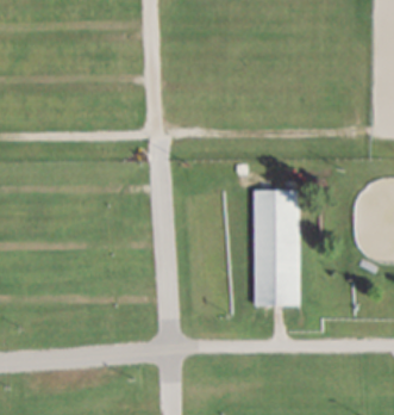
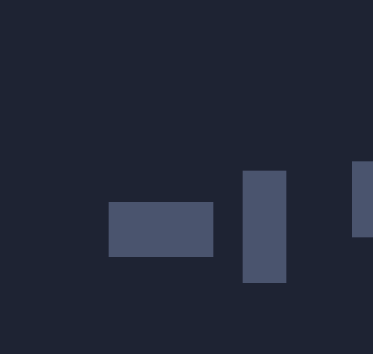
building: none -> [108,201,214,258]

